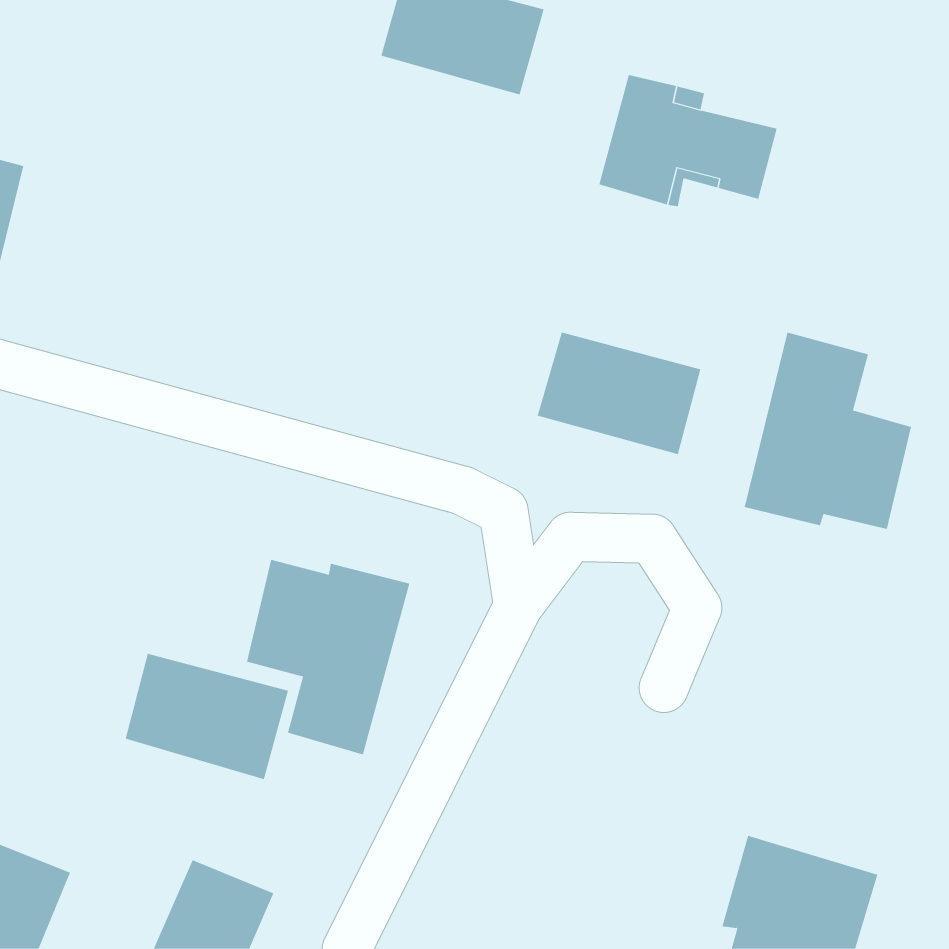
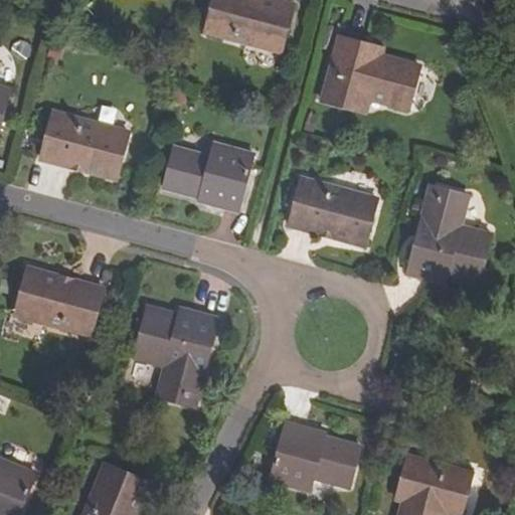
building: none -> [39,110,131,183]
building: none -> [160,141,254,216]
building: [125,653,289,780] -> [13,267,102,335]
building: none -> [266,418,360,492]

